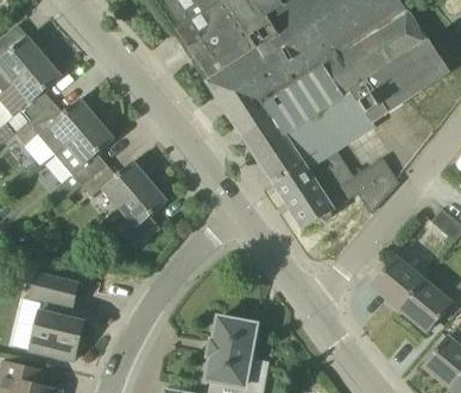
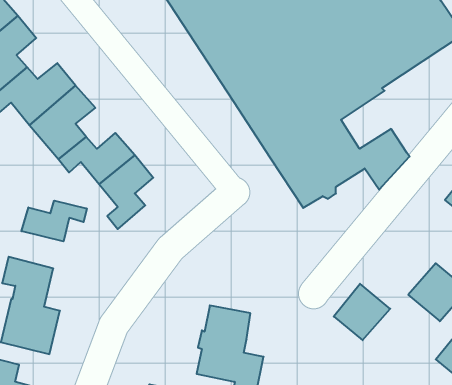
building: none -> [21,201,87,241]
building: [372,256,423,308] -> [334,284,390,340]

